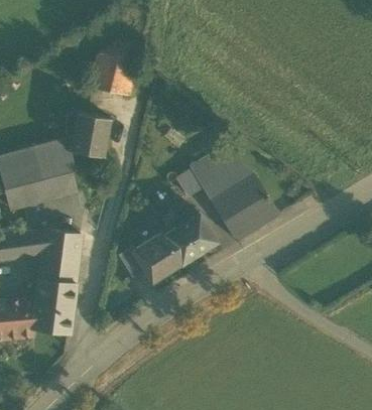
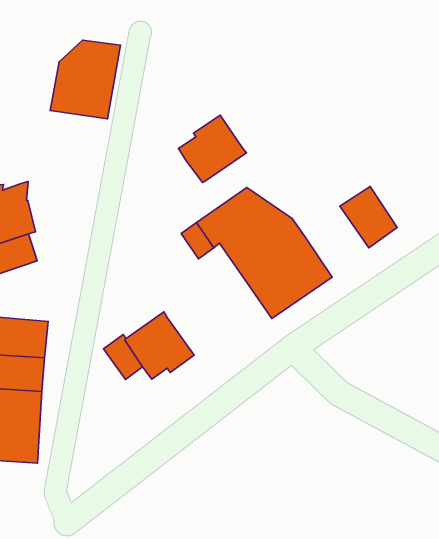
building: none -> [179,115,247,183]
building: [71,113,110,156] -> none
building: none -> [340,187,397,248]
building: [163,214,217,264] -> none

